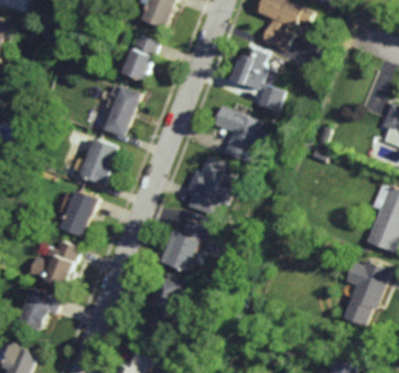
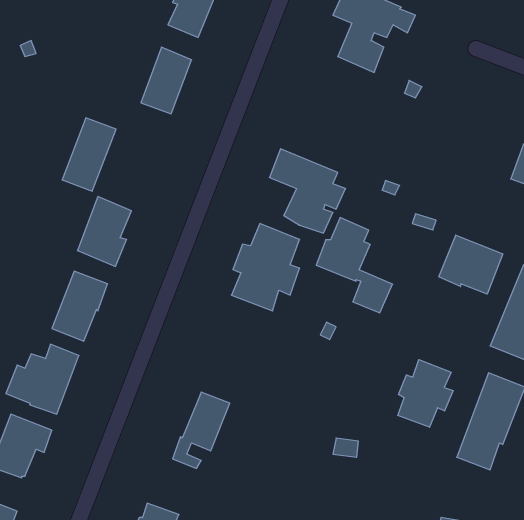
building: [229,45,282,111] -> [316,218,393,313]
building: [103,86,140,137] -> [62,118,116,191]
building: none -> [439,235,503,294]
building: [160,219,206,274] -> none
building: none -> [398,360,453,427]

